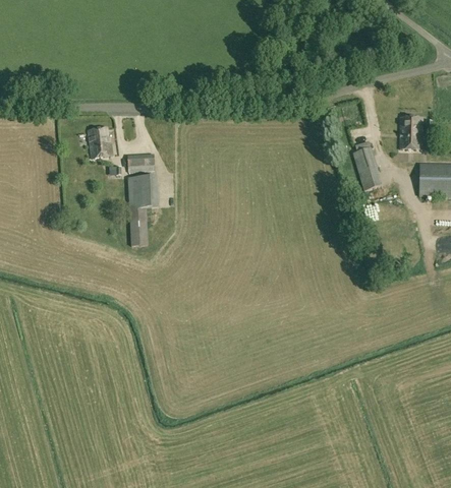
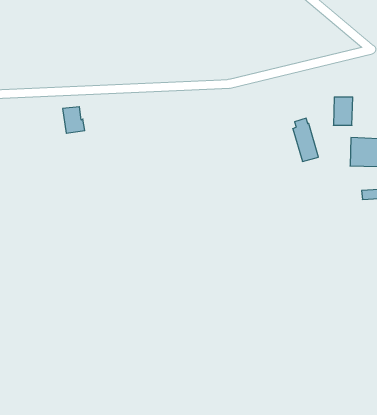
building: [127,152,155,170] -> none
building: [128,176,157,245] -> none

